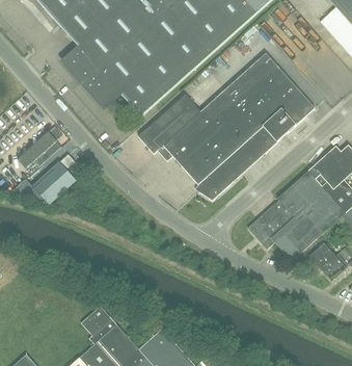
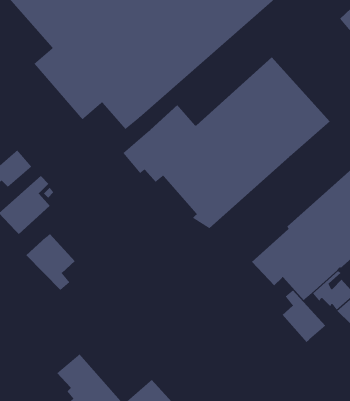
building: none -> [26,233,75,291]
building: none -> [282,290,326,343]

